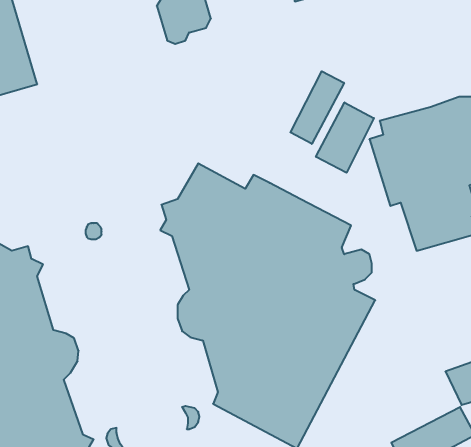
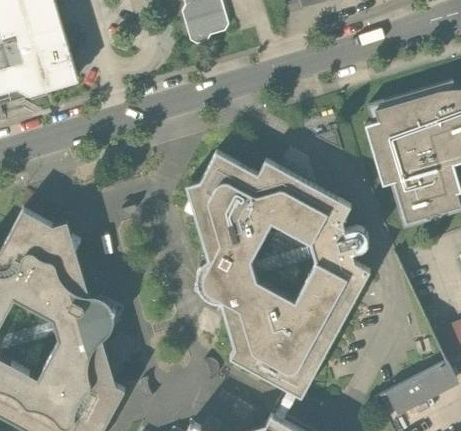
building: [290,71,344,144] -> none
building: [316,102,374,173] -> none

